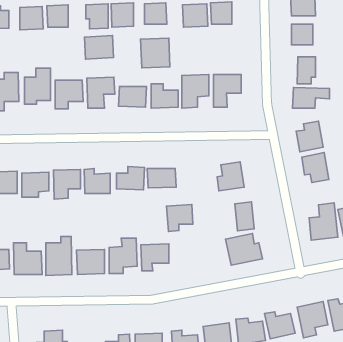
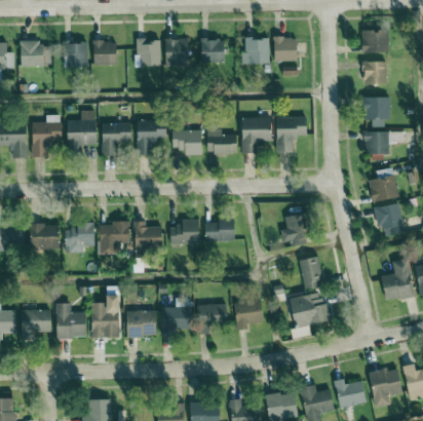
building: [85,35,113,59] -> none
building: [140,38,170,68] -> none
building: [167,204,193,231] -> [234,301,263,331]

